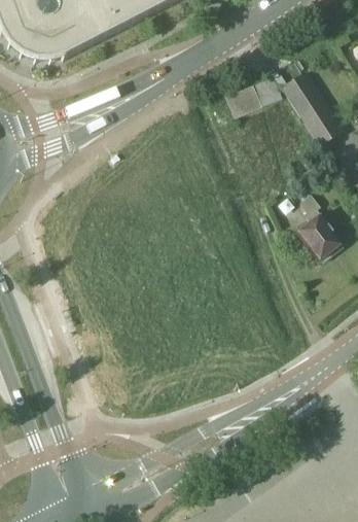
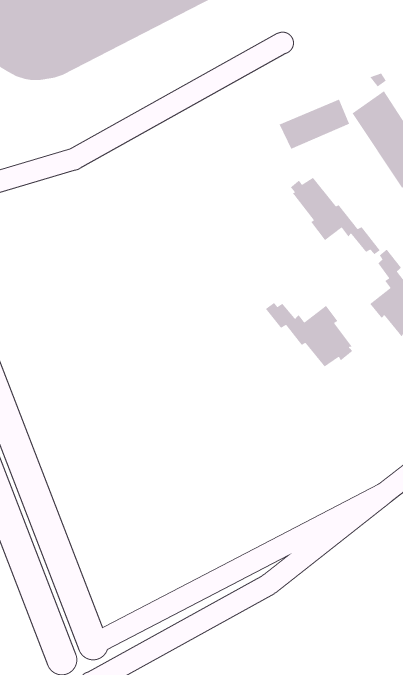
building: none -> [290,177,381,255]
building: none -> [265,302,353,368]

